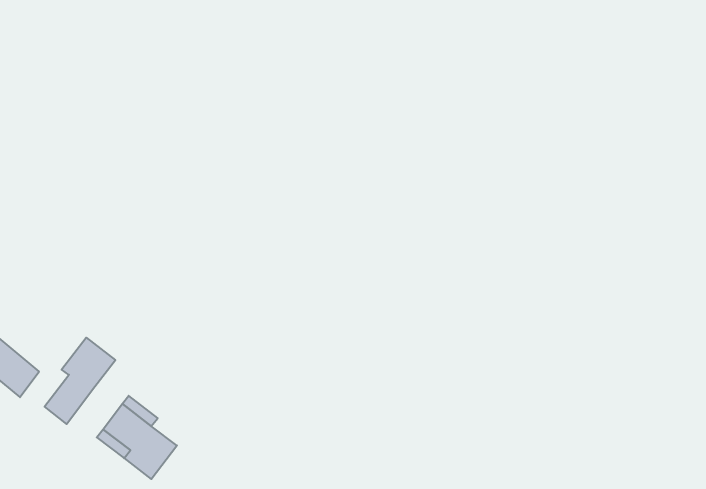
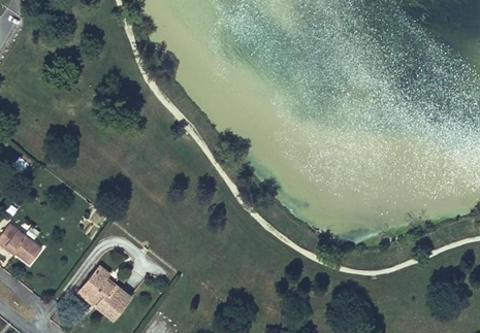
building: [45,338,115,424] -> none

